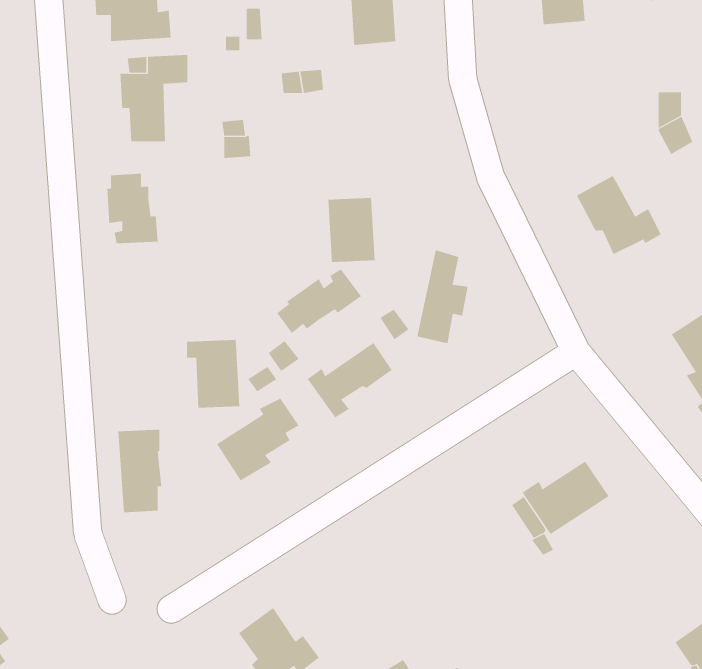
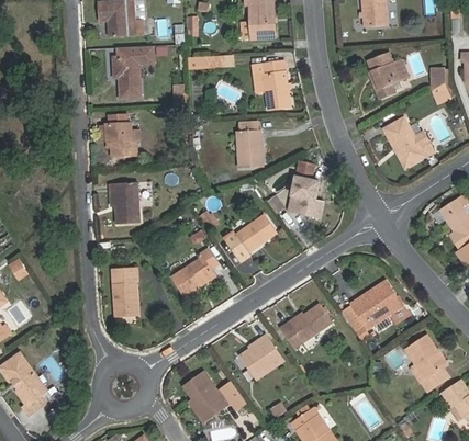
building: none -> [367,53,407,89]
building: none -> [254,60,290,110]
building: [277,269,362,334] -> none
building: [186,340,240,408] -> [108,183,139,224]
building: none -> [289,303,332,343]
building: none -> [238,335,284,381]
building: none -> [404,335,449,392]

